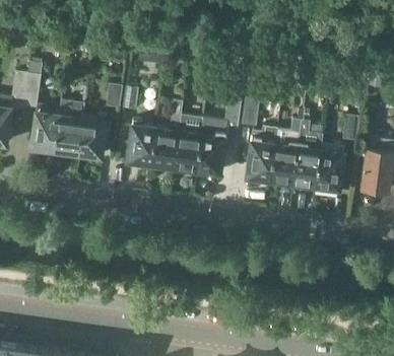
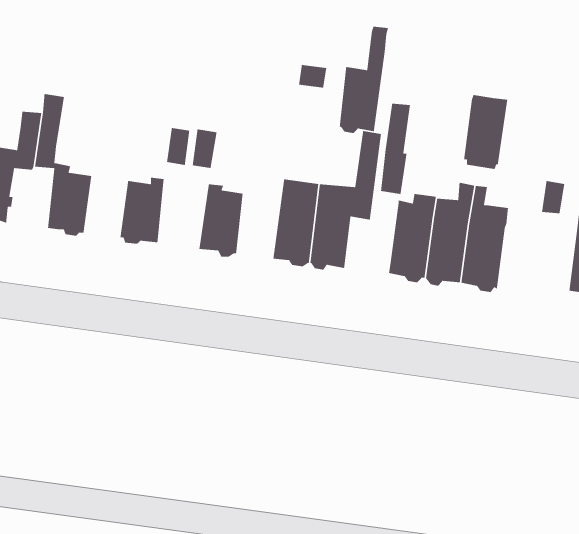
building: [151,102,183,170] -> [339,26,389,134]
building: [55,103,84,158] -> none
building: [316,147,344,195] -> [463,94,508,170]

